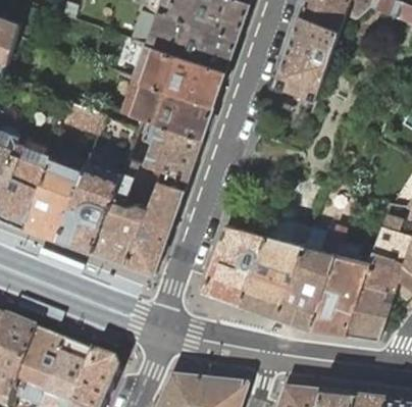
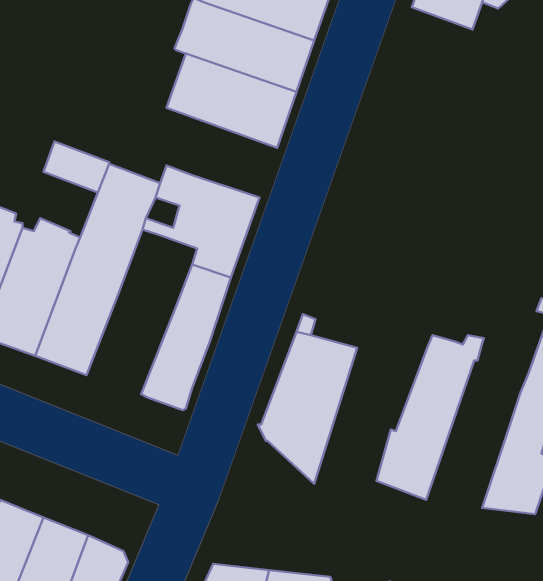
building: [274,17,337,101] -> none
building: [130,82,212,139] -> none
building: [91,159,148,264] -> none
building: [236,214,308,321] -> none
building: [307,243,367,337] -> none

